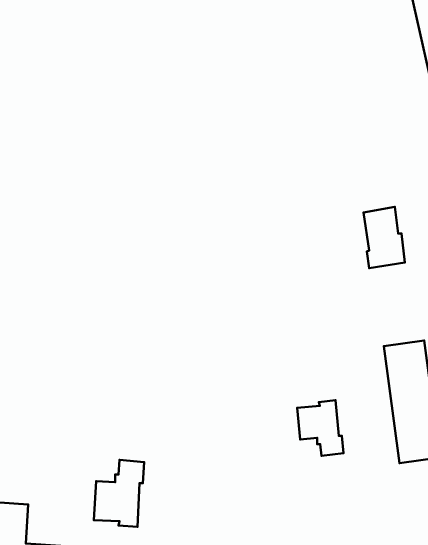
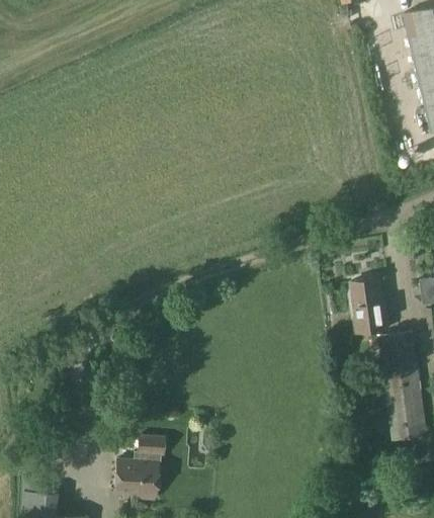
building: [364,207,405,268] -> [352,278,389,334]
building: [297,400,343,456] -> none

